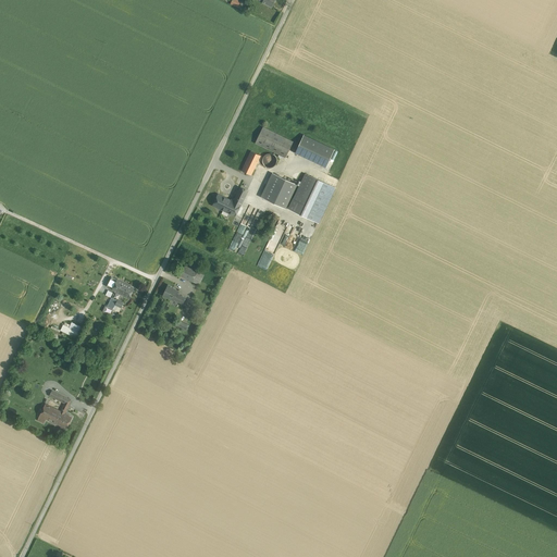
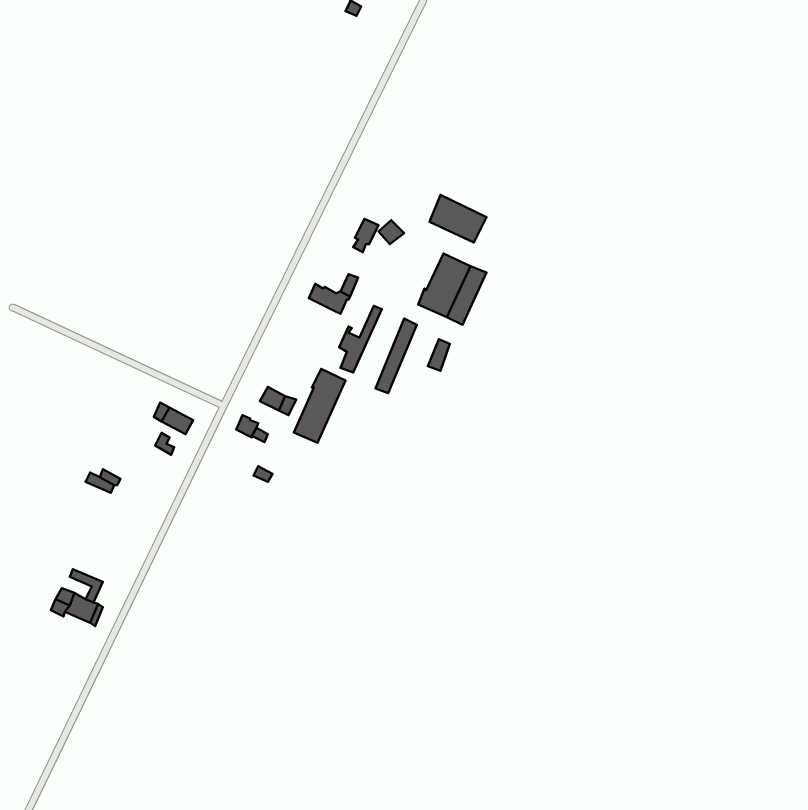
building: [255,127,292,157] -> none
building: [261,174,295,207] -> none
building: none -> [294,369,345,443]

